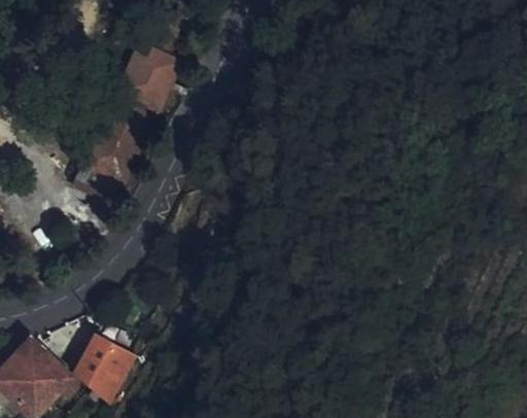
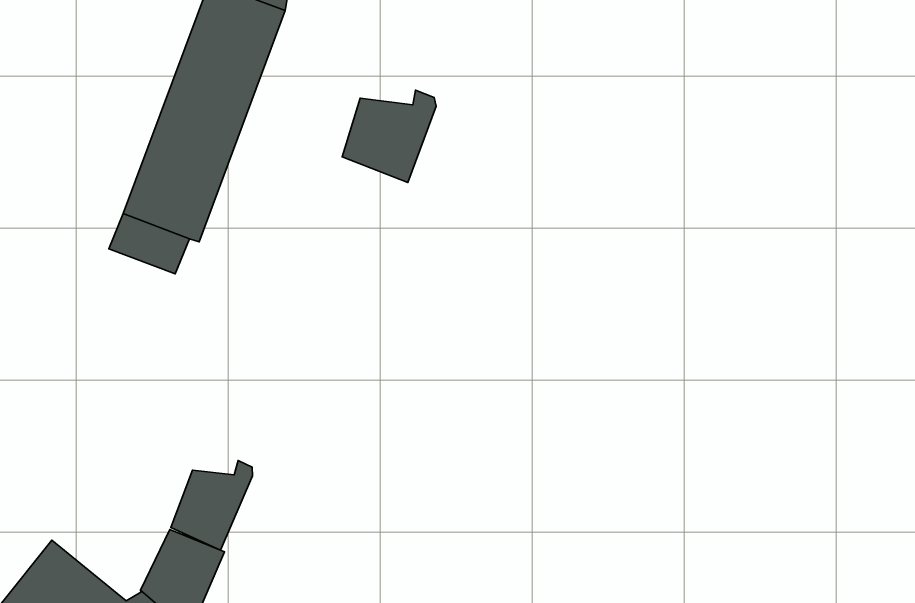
building: none -> [342,90,436,183]
building: none -> [171,461,253,550]

